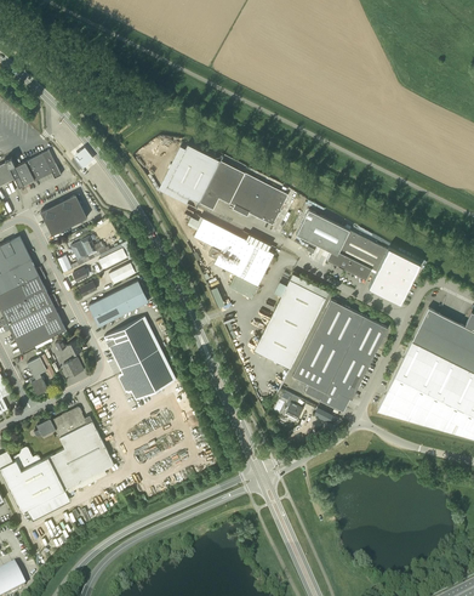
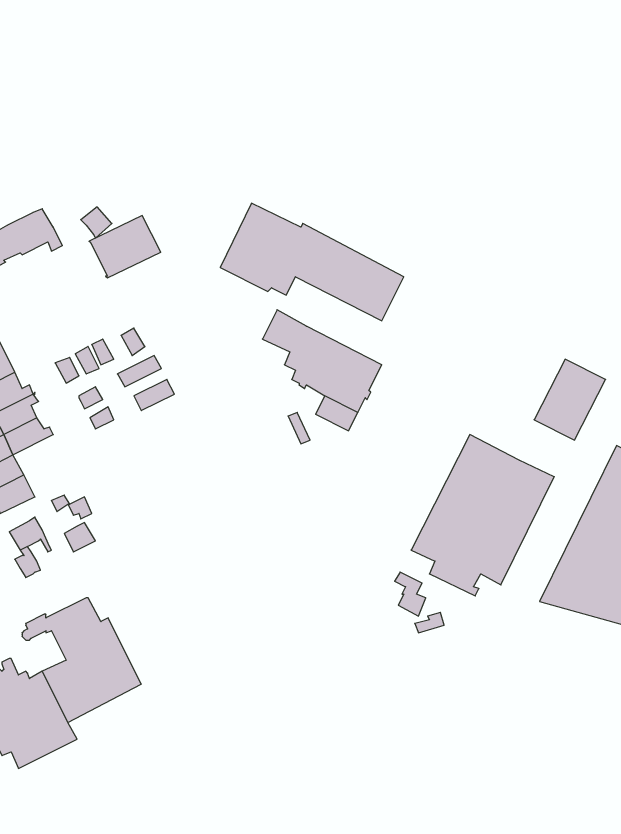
building: [40,194,87,235] -> [89,216,161,278]
building: [296,209,394,290] -> none
building: [253,278,325,368] -> none
building: [88,280,148,327] -> none
building: [29,300,65,341] -> none
building: [104,317,176,401] -> none

